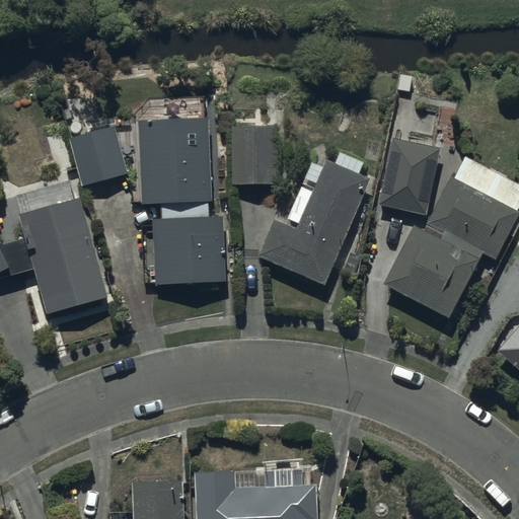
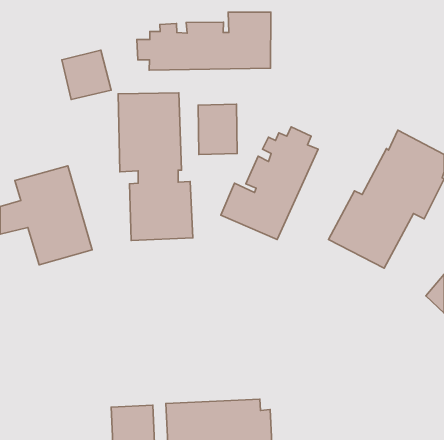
building: none -> [137,12,271,70]
building: [69,127,127,184] -> [62,50,111,100]
building: [377,137,440,215] -> none

